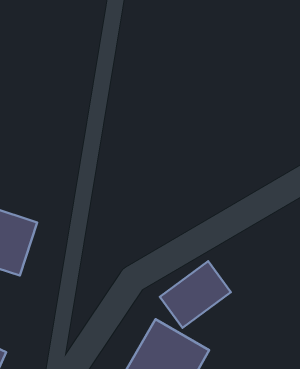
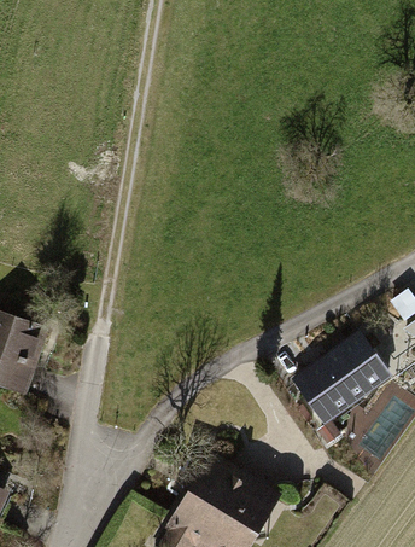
building: [160,261,231,328] -> [293,334,387,423]

